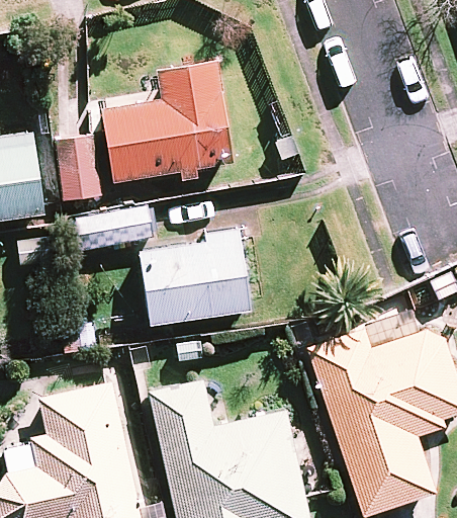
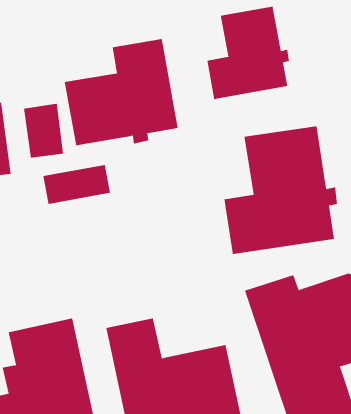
building: none -> [207,6,289,100]
building: none -> [224,125,337,255]
building: [140,229,252,326] -> none

